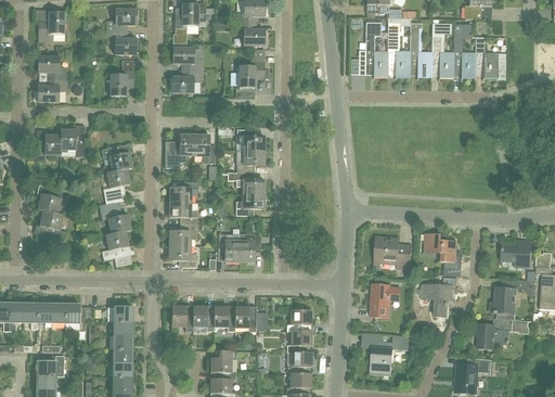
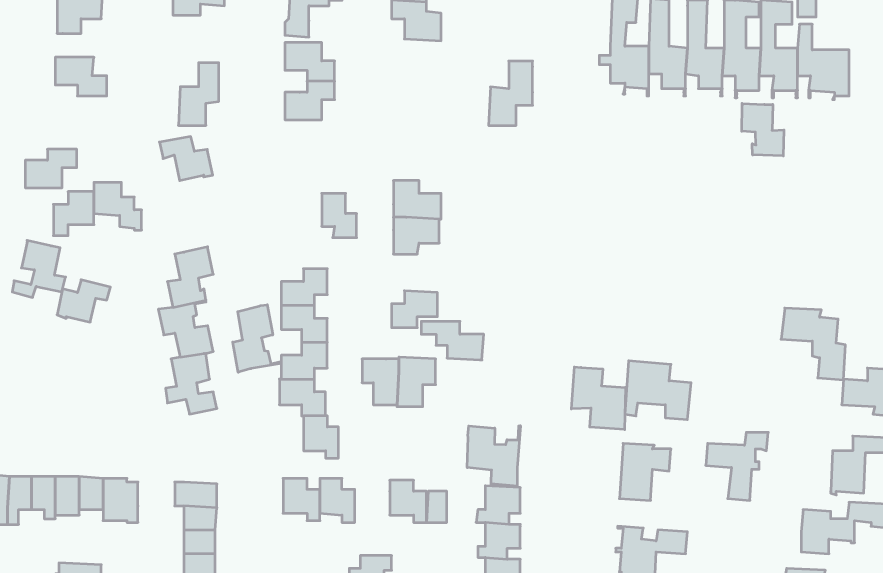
building: [106,31,137,54] -> none
building: [238,50,264,88] -> [489,61,533,125]
building: [37,79,67,102] -> [25,149,77,188]
building: none -> [742,103,784,156]
building: [165,135,194,168] -> none
building: [101,145,132,171] -> [159,137,213,181]
building: [228,172,264,195] -> [421,321,484,360]
building: none -> [233,305,281,372]
building: [35,209,66,243] -> [12,240,66,297]
building: [423,234,461,277] -> [781,308,845,380]
building: none -> [571,367,625,430]
building: none -> [467,426,520,486]
building: [214,306,234,331] -> [304,416,338,458]

